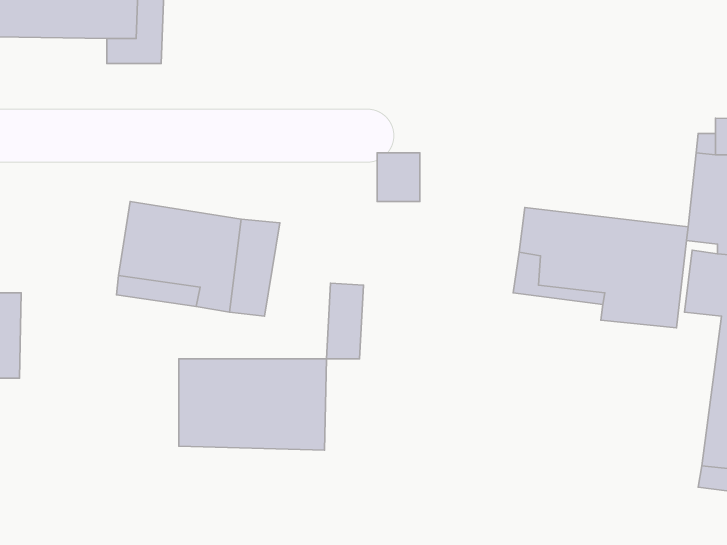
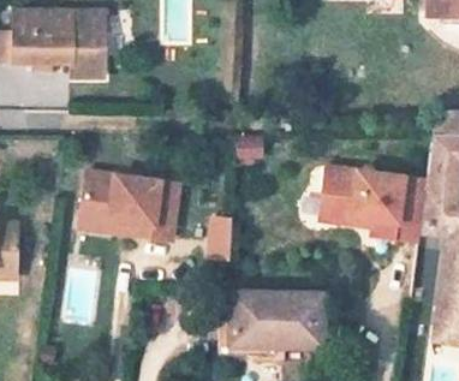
building: [179,359,327,450] -> [233,292,324,349]

